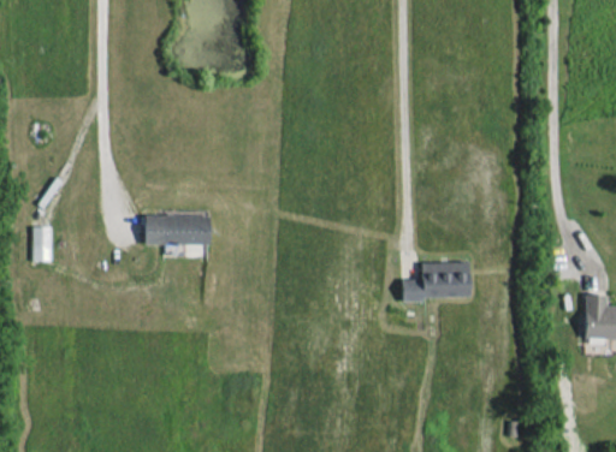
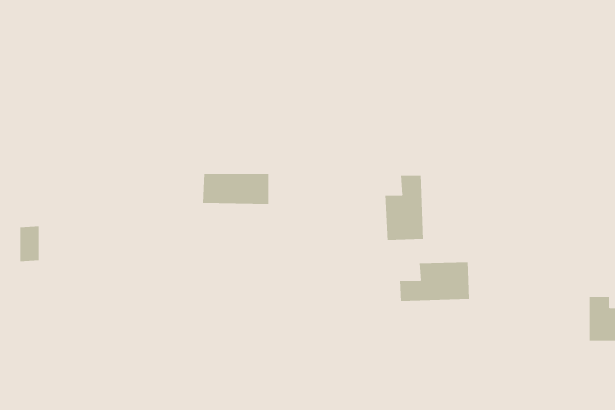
building: none -> [385,175,424,241]
building: [144,215,209,245] -> [202,173,269,204]

